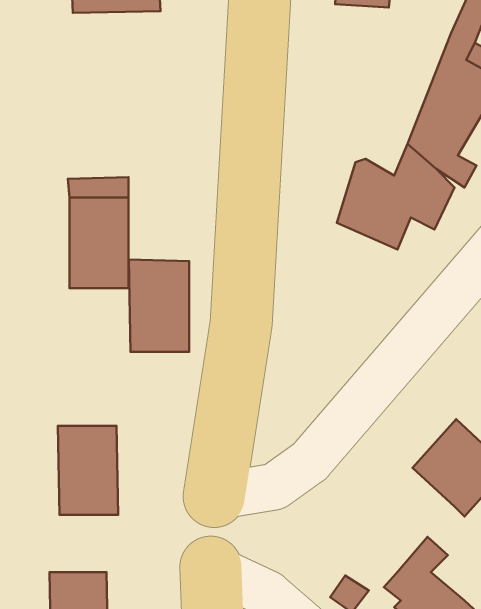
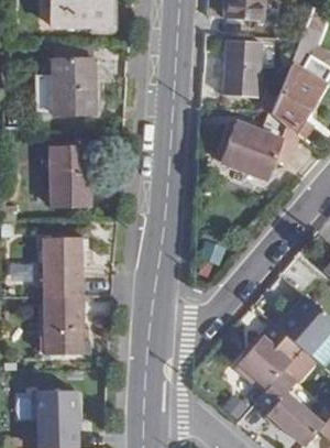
building: none -> [223,42,261,98]
building: none -> [52,57,94,113]
building: [129,260,189,352] -> [42,236,81,296]
building: none -> [235,324,302,393]

